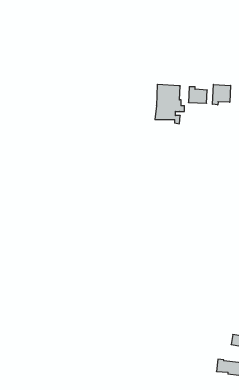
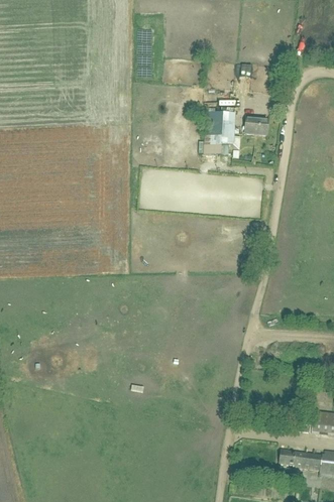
building: [212,84,231,105] -> none

